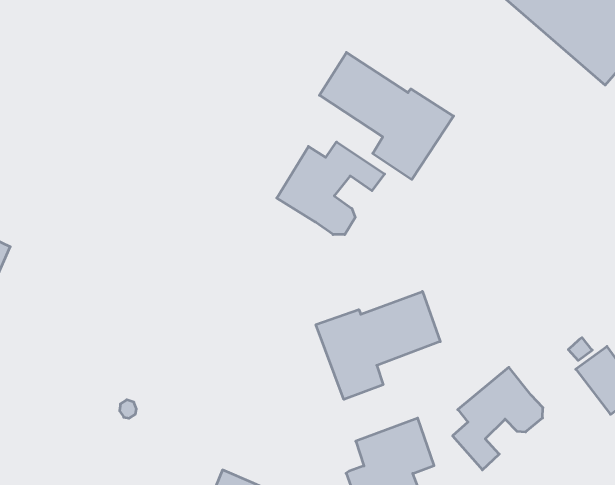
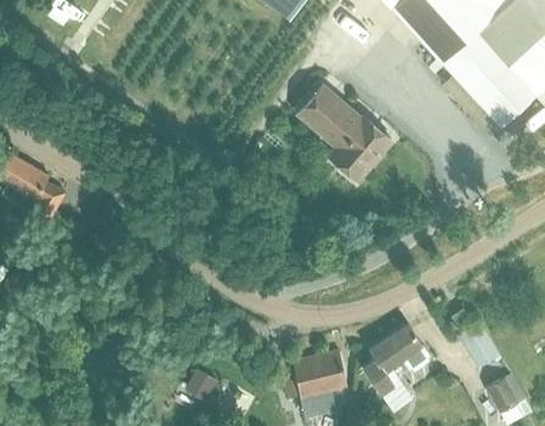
building: [277,142,385,235] -> none
building: [316,291,440,399] -> none

